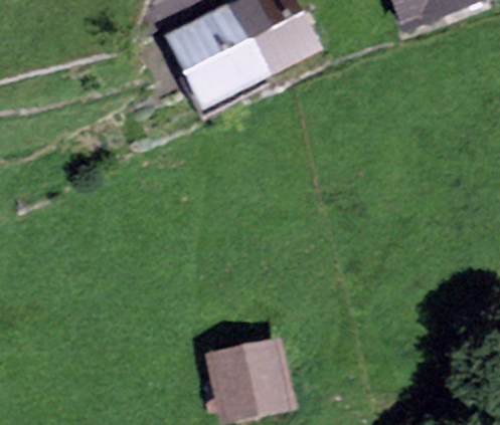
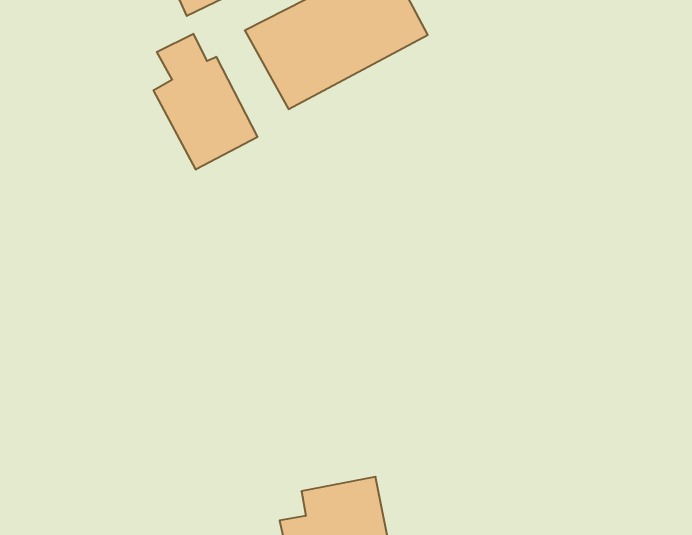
building: none -> [154,34,257,170]

